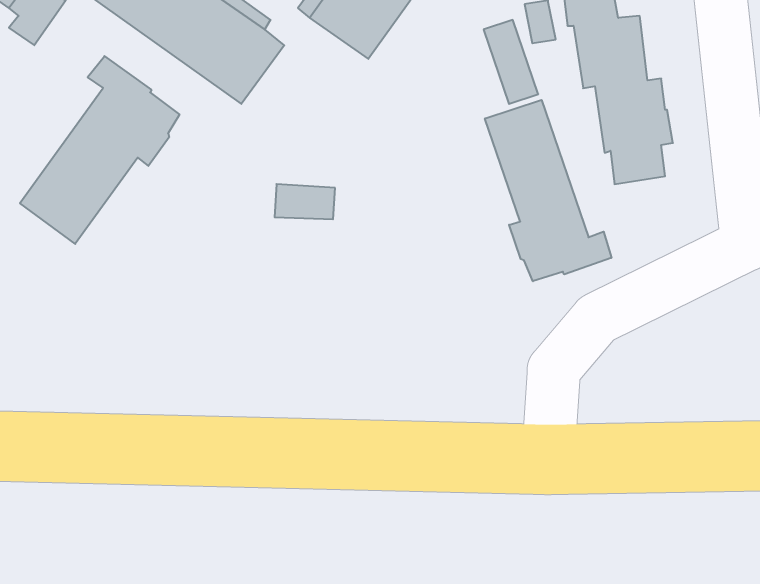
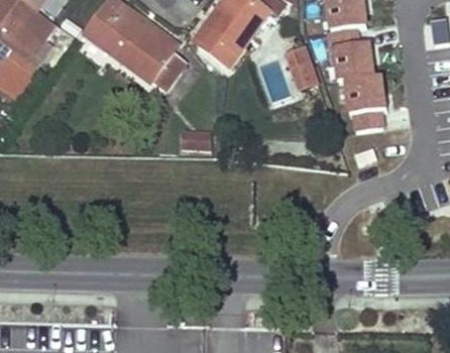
building: [20,56,179,244] -> none
building: [485,100,611,281] -> none

